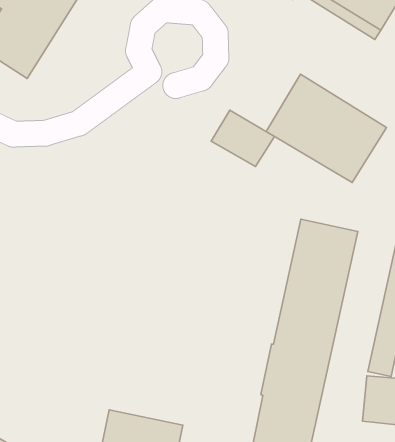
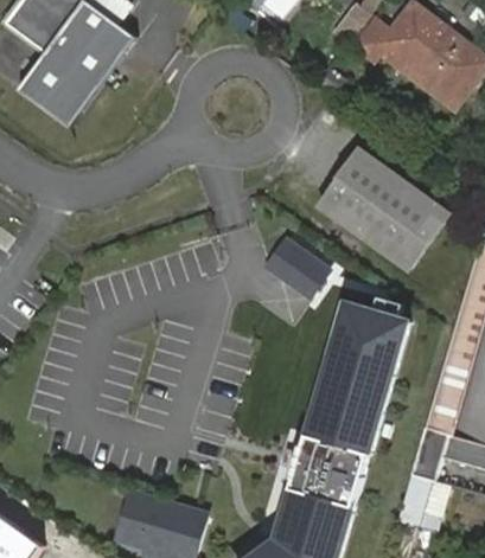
building: [211,110,274,166] -> [261,238,330,301]

